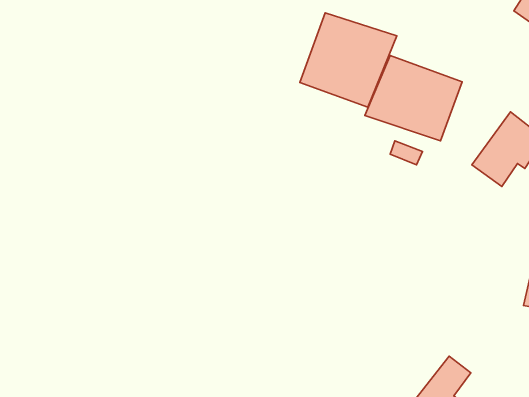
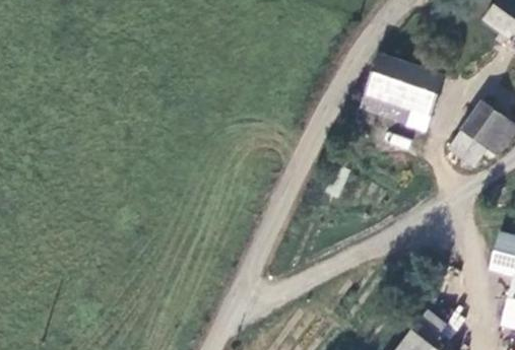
building: [300,13,397,107] -> none

